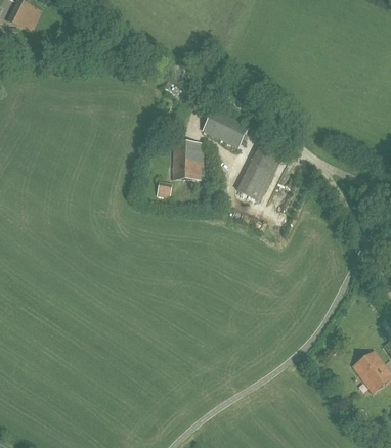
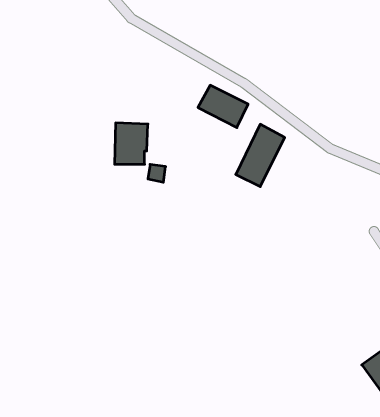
building: [172,141,203,179] -> [115,123,148,164]

